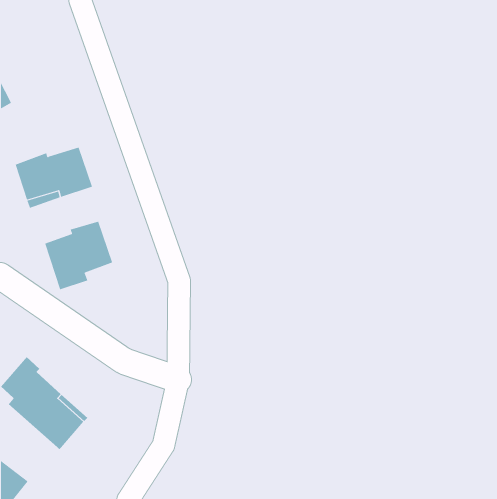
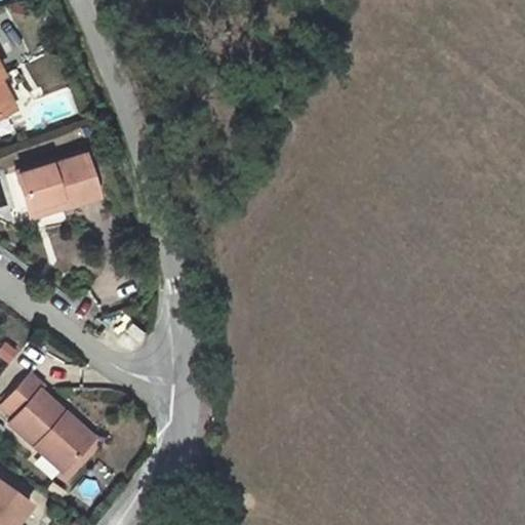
building: [44,221,113,290] -> none

